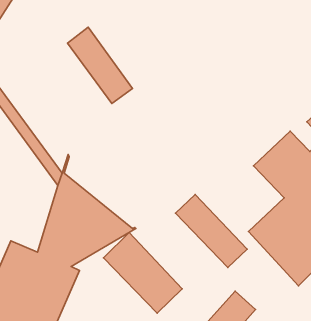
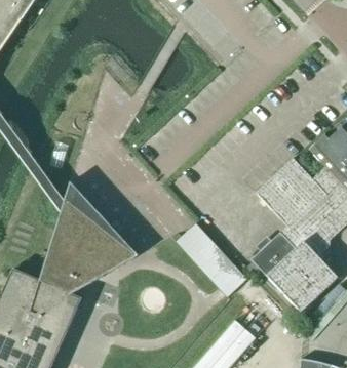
building: [68,27,132,104] -> none
building: [104,232,182,313] -> none

